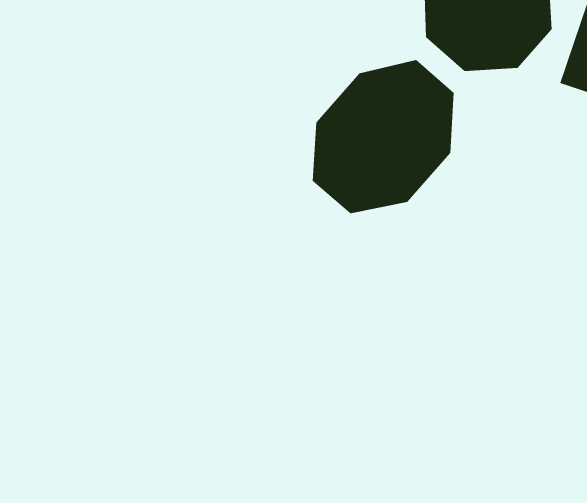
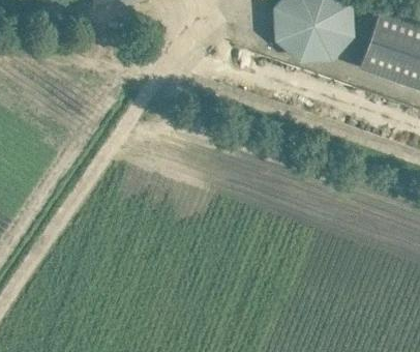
building: [312,59,455,214] -> none

